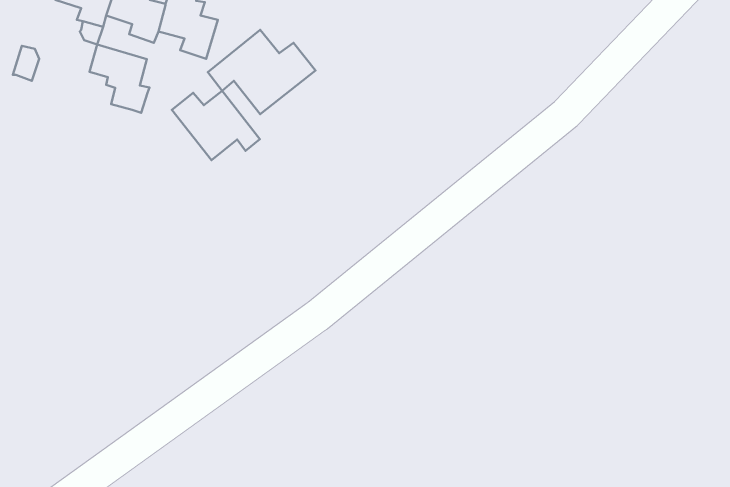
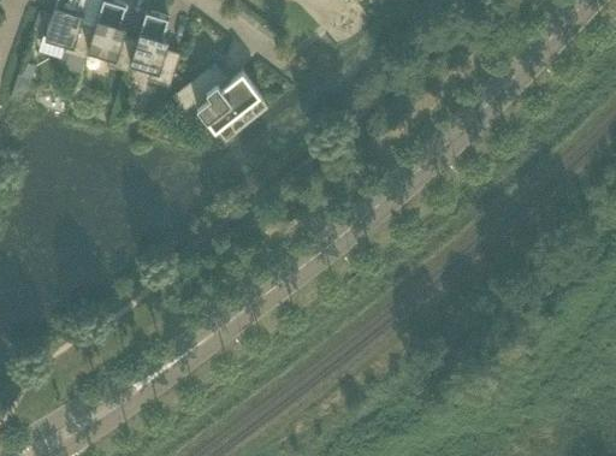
building: [89,44,149,113] -> none
building: [172,91,260,160] -> none

